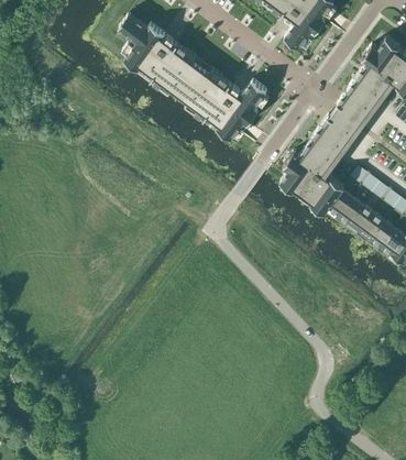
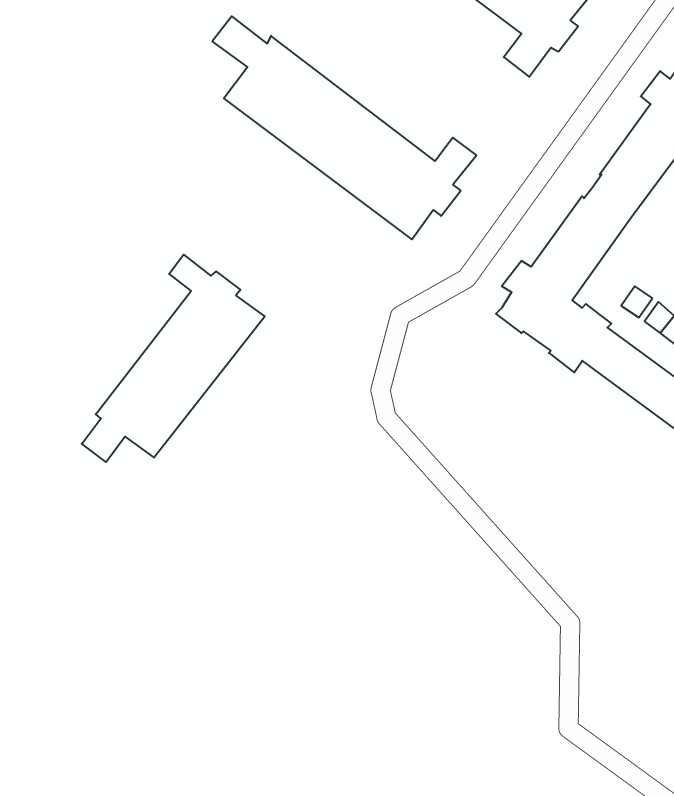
building: none -> [82,255,265,462]

